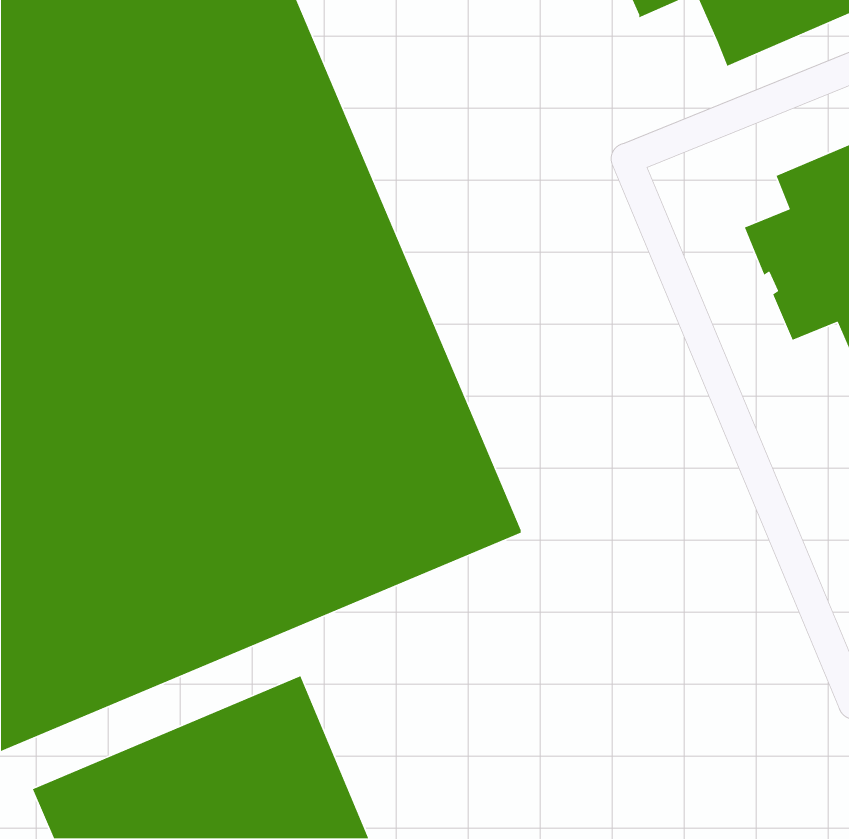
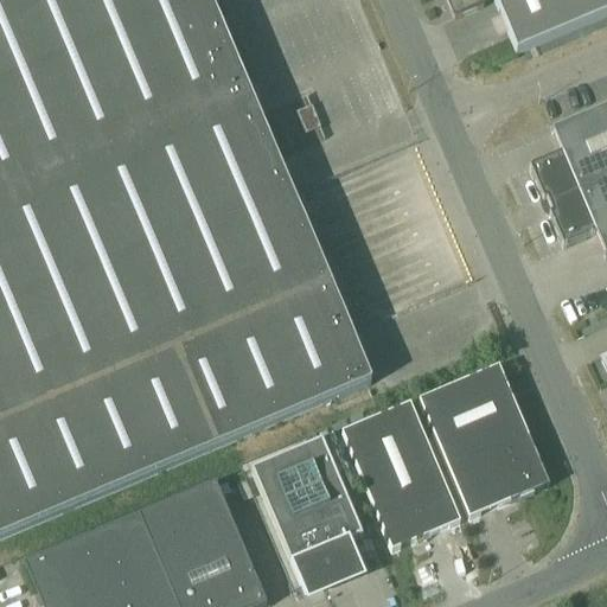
building: none -> [421,362,551,513]
building: none -> [344,398,462,547]
building: none -> [254,434,364,589]

